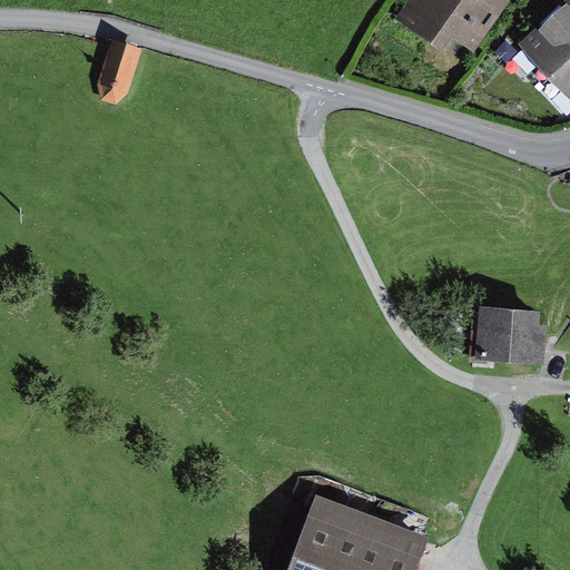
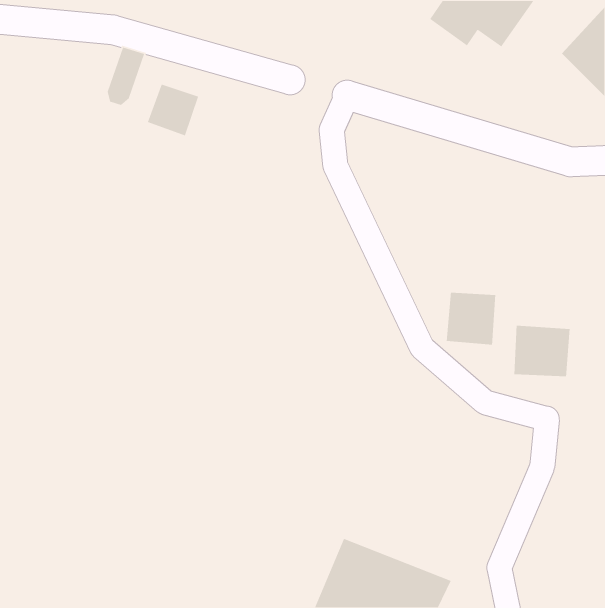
building: none -> [147,83,199,136]
building: none -> [446,292,496,345]

